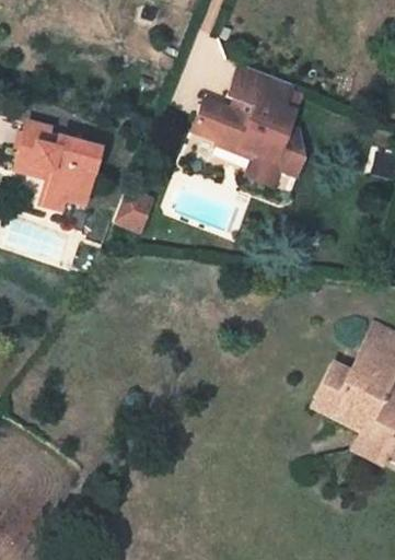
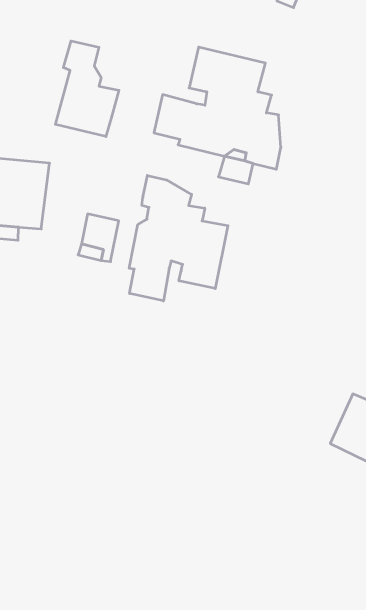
building: none -> [55,41,119,137]
building: none -> [129,175,228,301]

